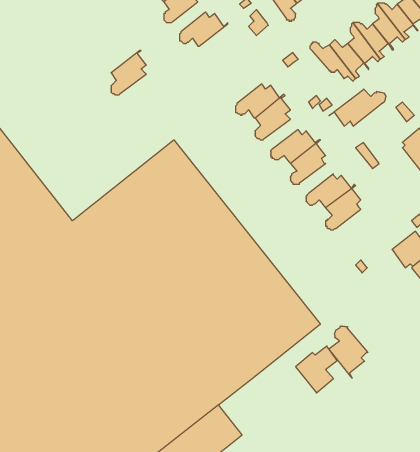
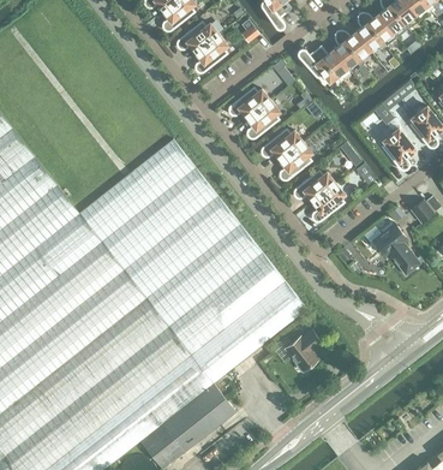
building: [111,51,146,95] -> [196,32,228,73]
building: [329,89,386,126] -> none
building: [329,326,368,378] -> none

